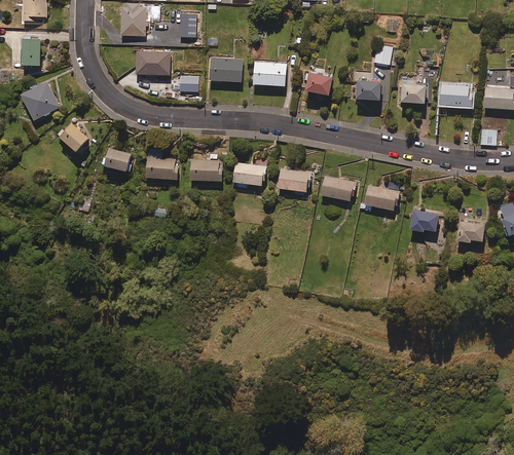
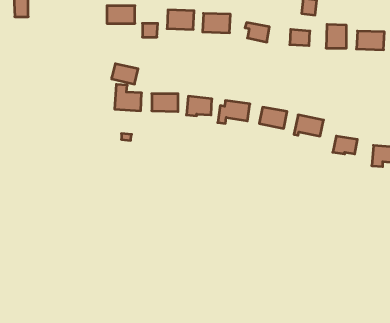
building: [21,81,60,120] -> none
building: [56,120,89,153] -> none
building: [101,148,133,173] -> [112,64,138,84]

